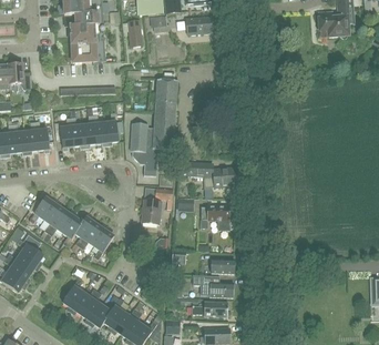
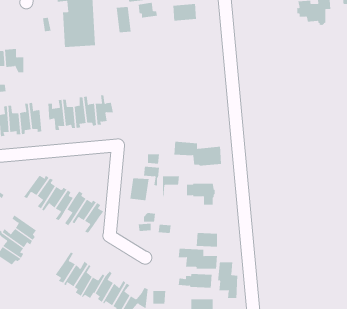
building: [131,79,176,175] -> none
building: none -> [218,261,238,299]

